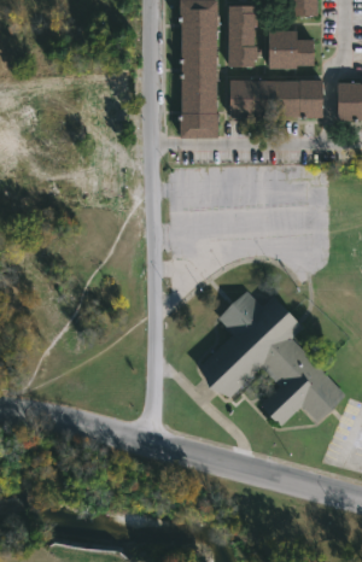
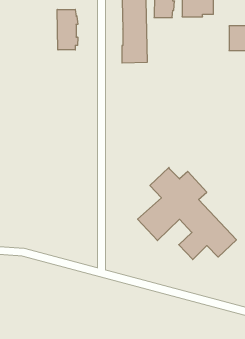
building: none -> [57,9,78,50]
building: [218,80,314,118] -> none

